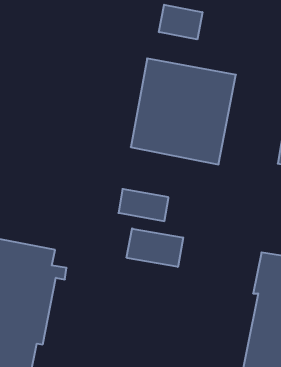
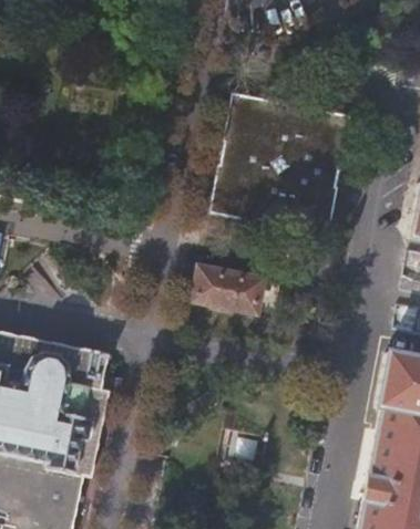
building: [159,5,202,39] -> none
building: [127,228,183,267] -> none

